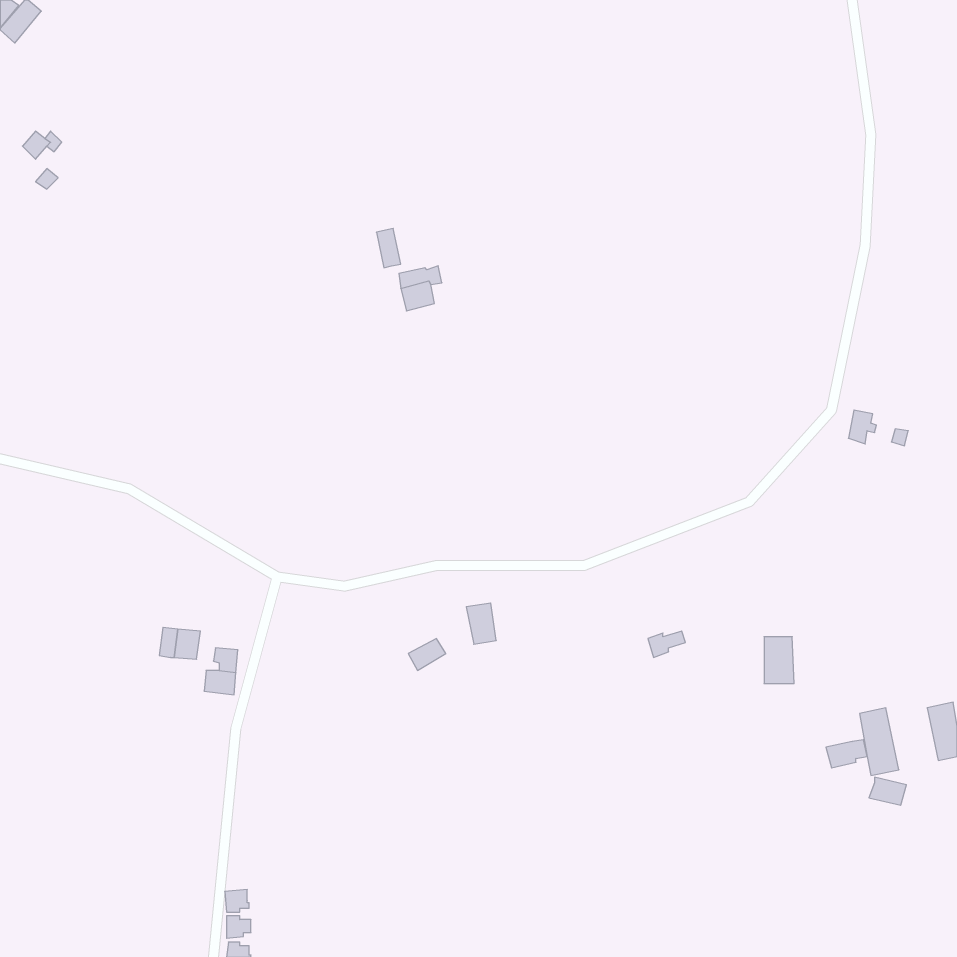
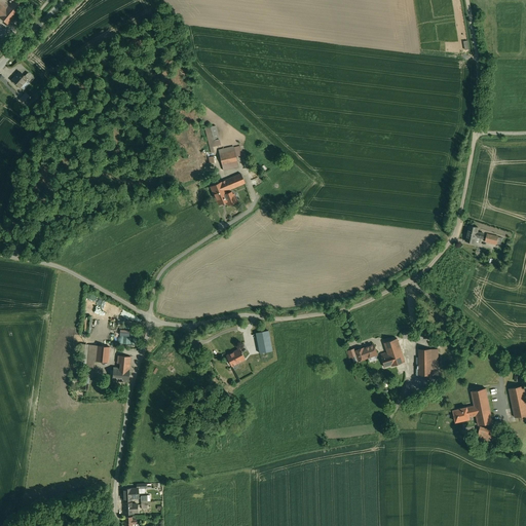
building: none -> [210,174,245,205]
building: none -> [378,338,405,367]

